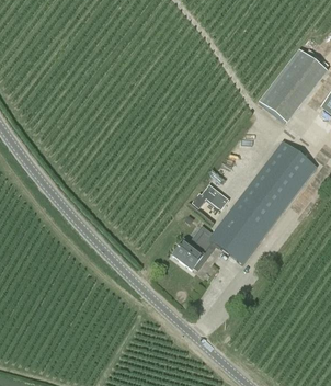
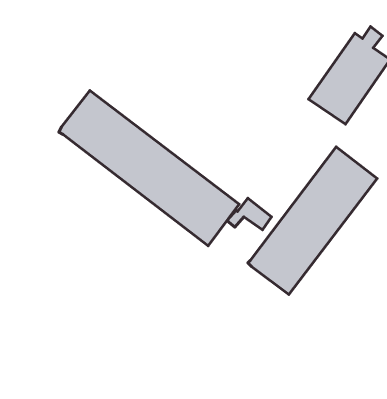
building: none -> [59,90,239,246]
building: [173,230,213,269] -> none

